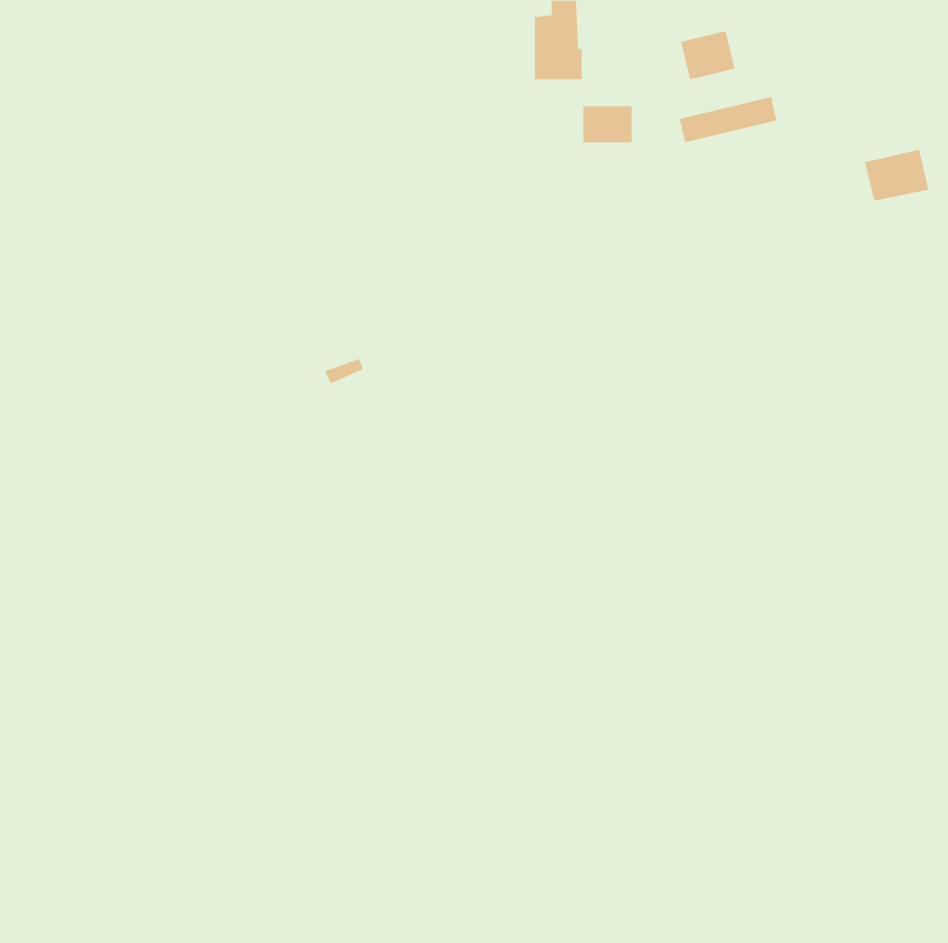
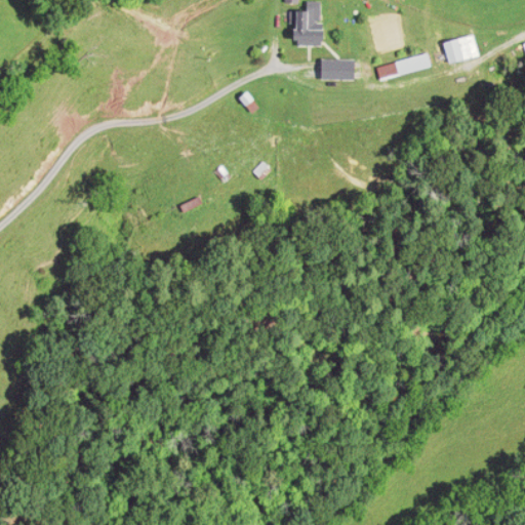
building: [680,30,735,80] -> none
building: [864,149,929,201] -> [442,34,478,63]

